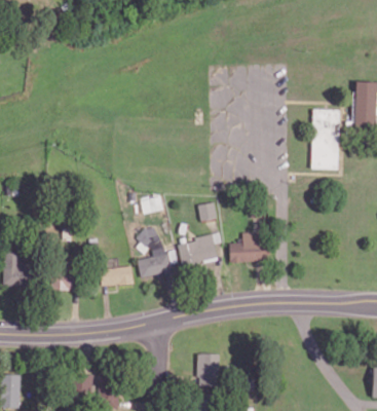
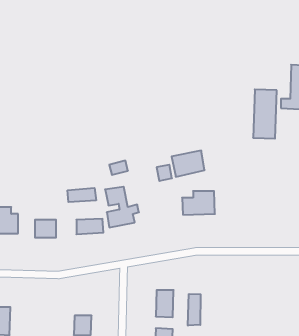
building: none -> [68,188,96,202]
building: [177,235,217,267] -> [172,151,205,177]
building: none -> [188,294,201,326]
building: [72,372,92,401] -> none

